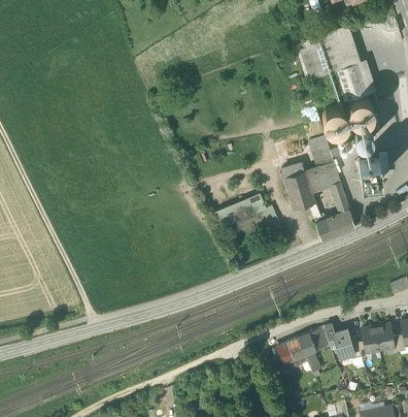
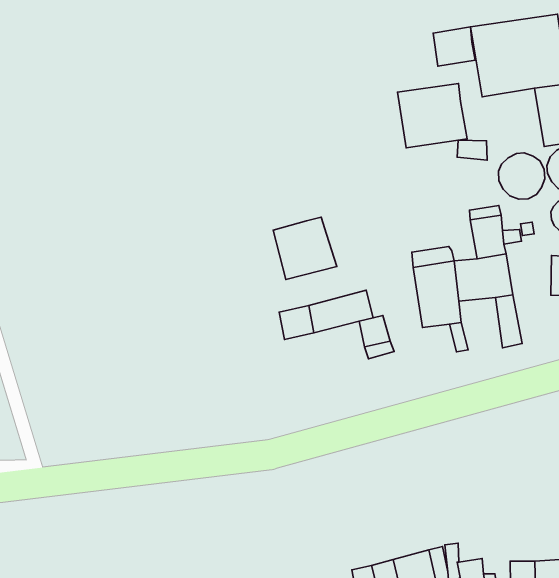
building: none -> [433,27,475,66]
building: none -> [397,83,467,148]
building: none -> [273,217,337,279]
building: [316,208,355,239] -> none

